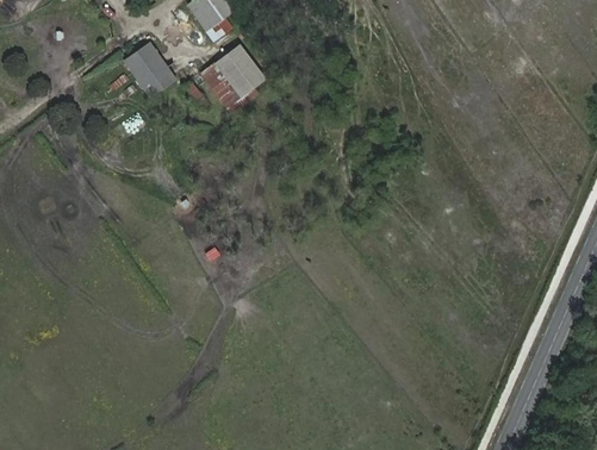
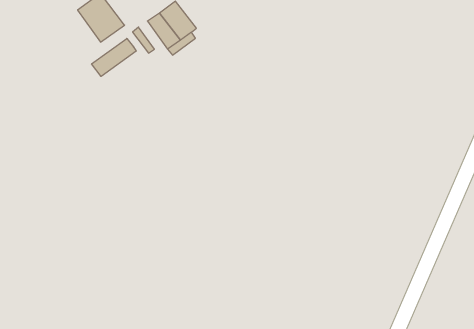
building: none -> [92,38,136,76]

